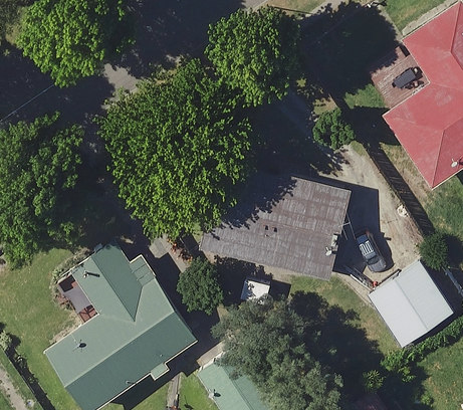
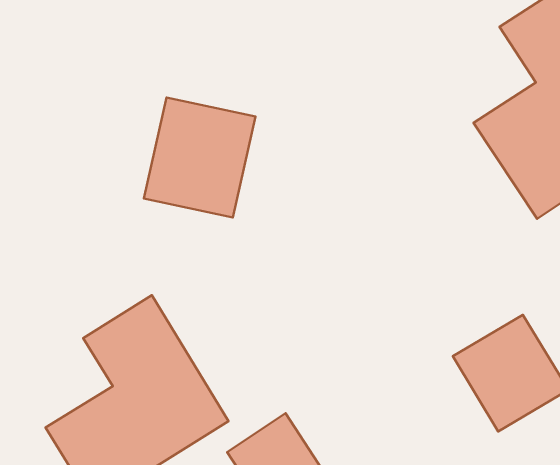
building: none -> [144,97,255,218]
building: [201,160,353,278] -> none

